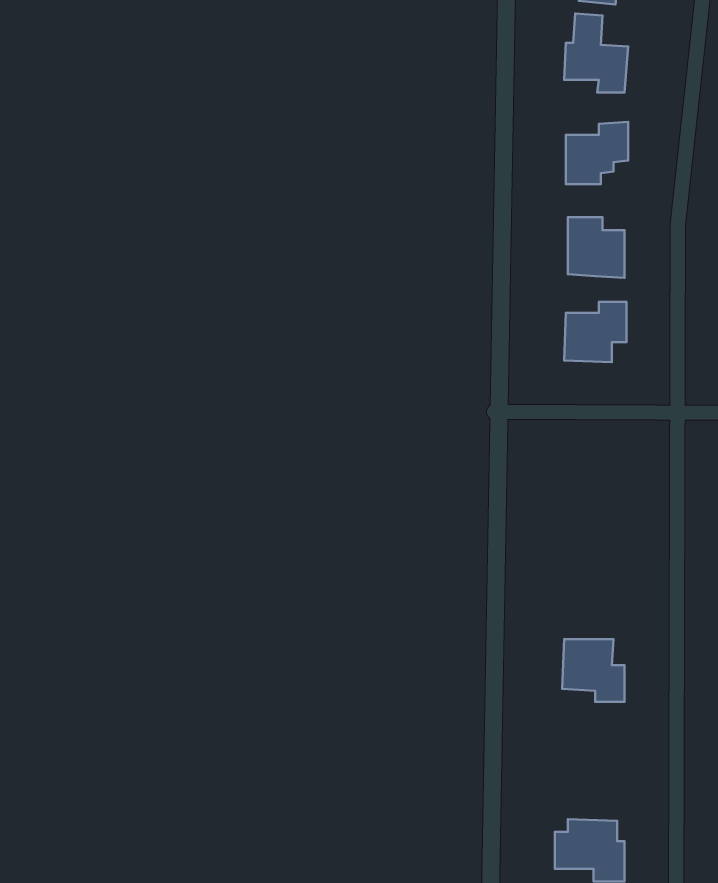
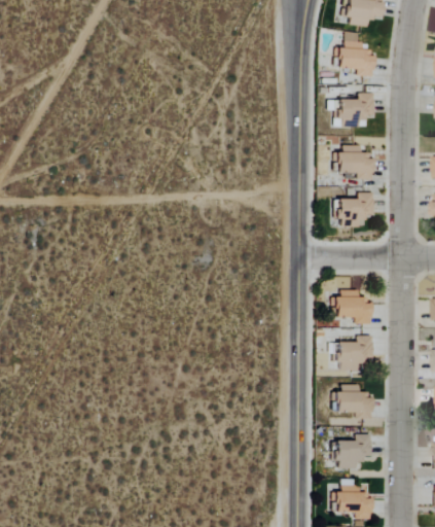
building: none -> [334,289,370,324]
building: none -> [335,336,370,371]
building: none -> [334,434,369,468]

